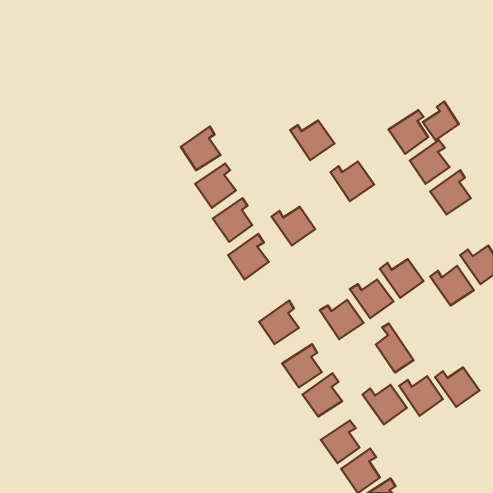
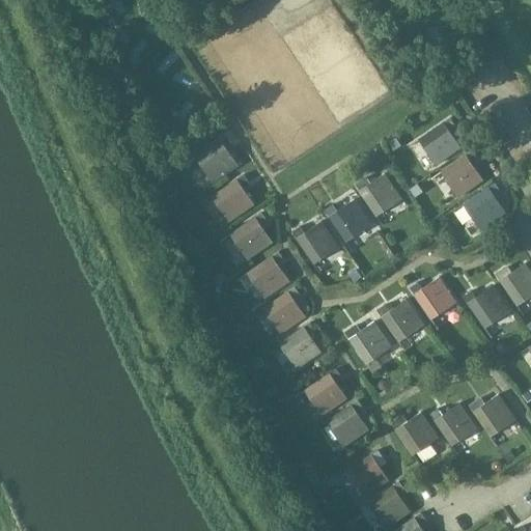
building: [423,101,459,140] -> none
building: [290,120,334,160] -> [325,199,372,242]
building: none -> [262,287,306,334]
building: [376,323,414,373] -> none

